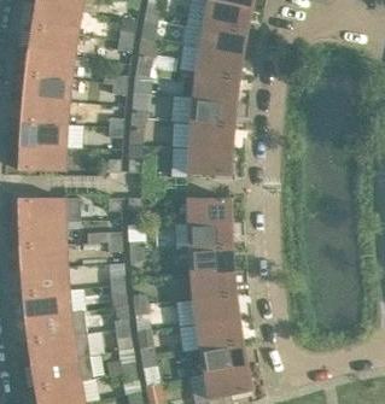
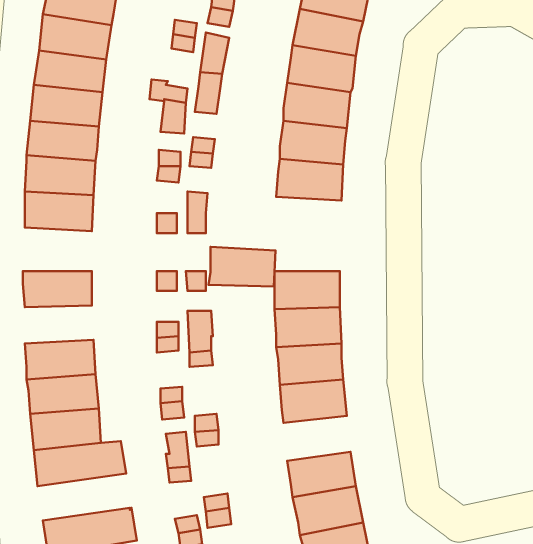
building: [185,147,229,174] -> [209,247,276,287]
building: [18,219,64,245] -> none
building: [191,293,235,323] -> none
building: [27,332,88,363] -> none

